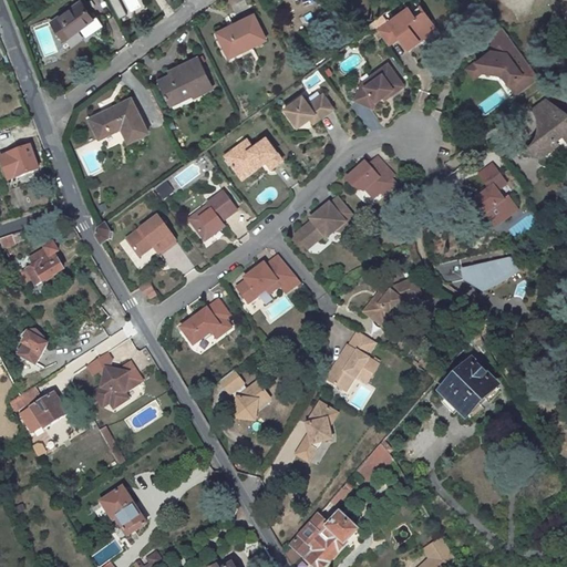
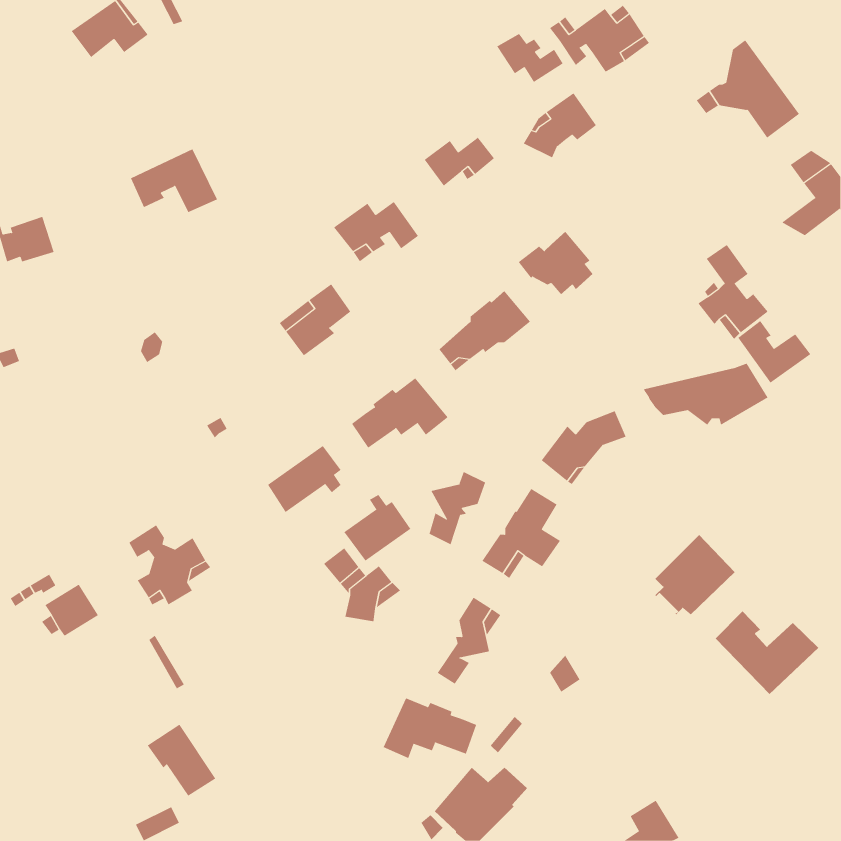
building: [217,13,264,56] -> none
building: none -> [497,33,563,83]
building: [157,59,209,102] -> none
building: none -> [737,320,811,383]
building: [126,216,176,256] -> none
building: [25,252,63,285] -> none
building: none -> [429,471,486,545]
building: [18,331,47,361] -> none
building: none -> [343,494,411,561]
building: none -> [715,611,819,695]
building: none -> [383,698,477,759]

